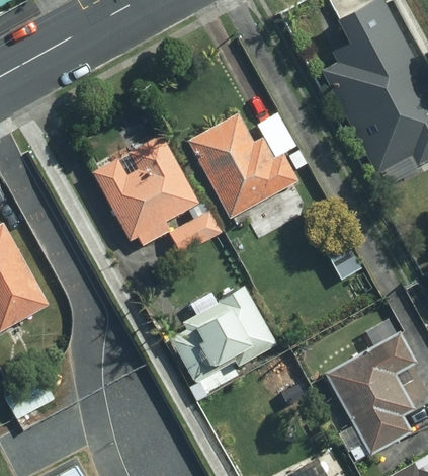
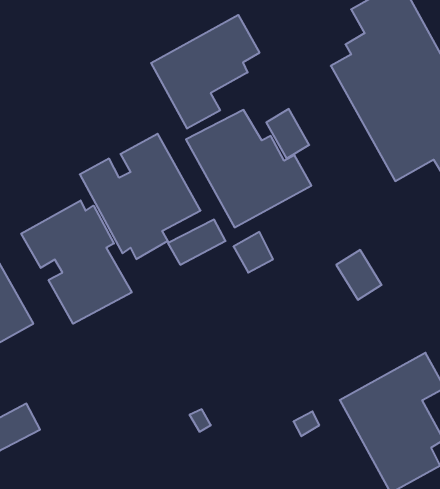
building: none -> [151,15,259,129]
building: none -> [21,200,132,324]
building: [172,285,279,382] -> none

